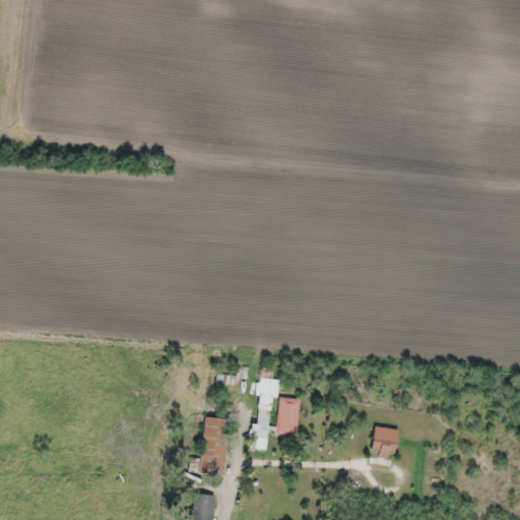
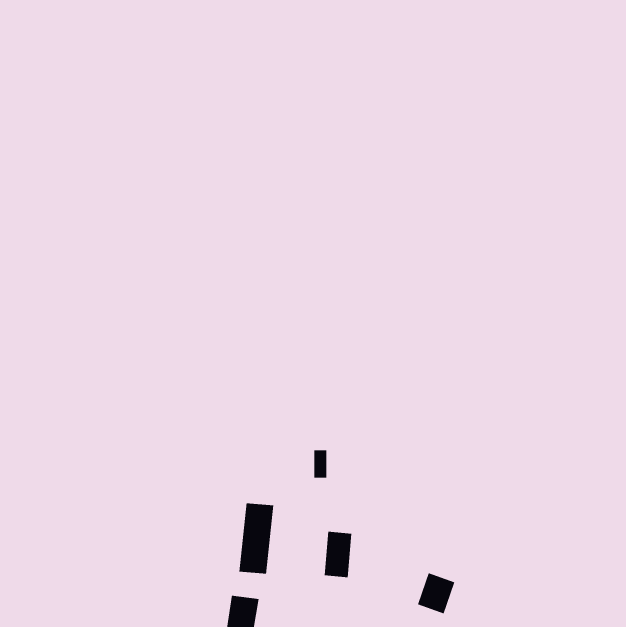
building: [277,397,301,436] -> [324,531,352,578]
building: [369,425,400,459] -> [417,572,455,614]

